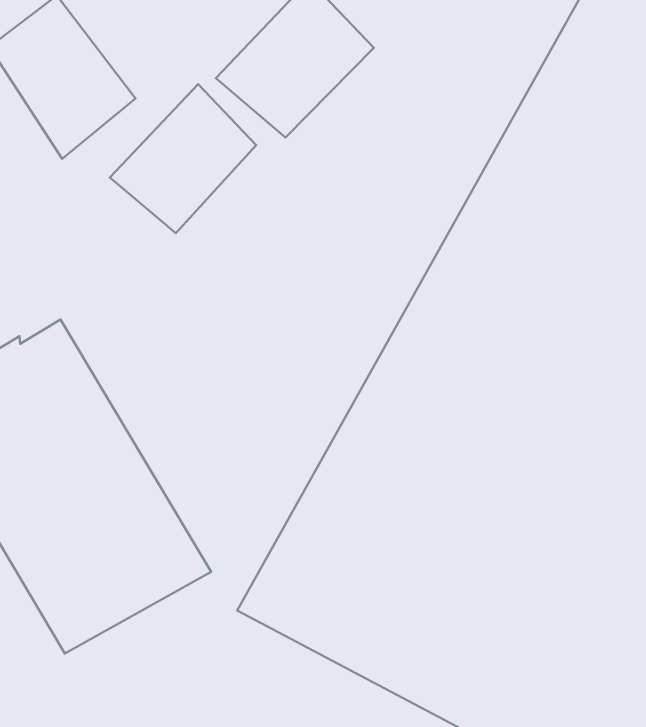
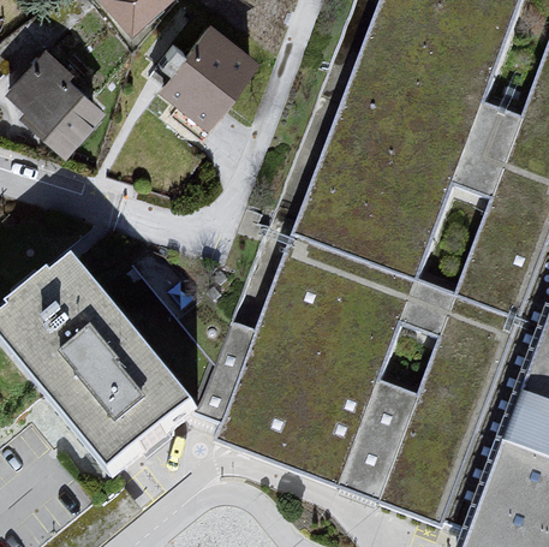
building: [110,84,256,233] -> none

